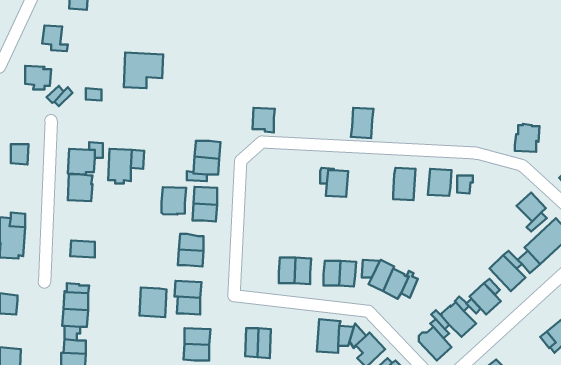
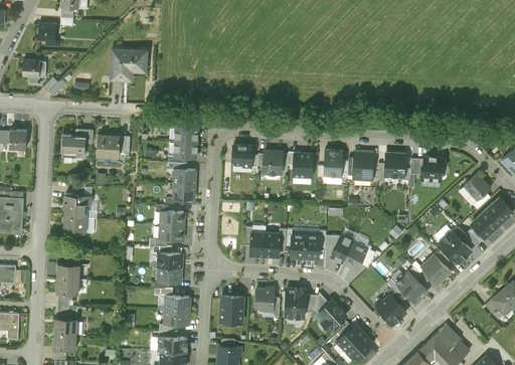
building: [351,108,373,138] -> [323,150,343,177]
building: [252,108,275,133] -> [232,146,252,168]
building: [515,124,540,152] -> [421,156,444,181]
building: none -> [264,151,282,174]
building: [68,174,92,201] -> [64,194,87,218]
building: [161,187,186,215] -> none
building: [140,288,167,317] -> none
building: none -> [254,288,275,311]

